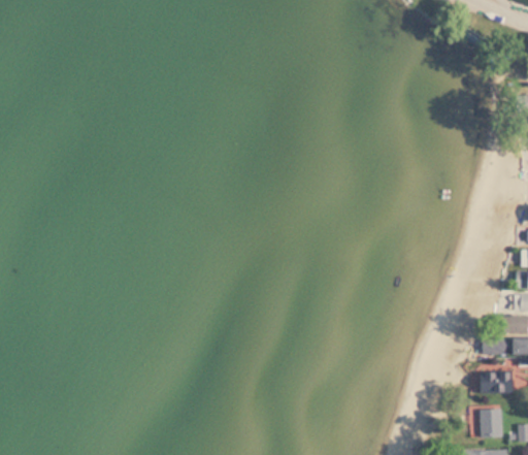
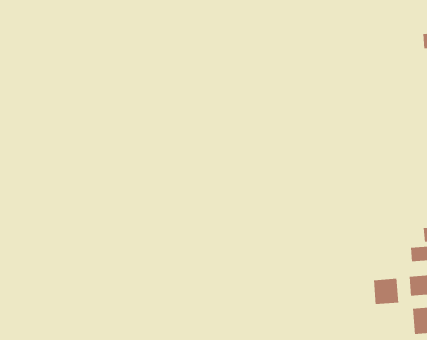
building: none -> [373,278,399,305]

